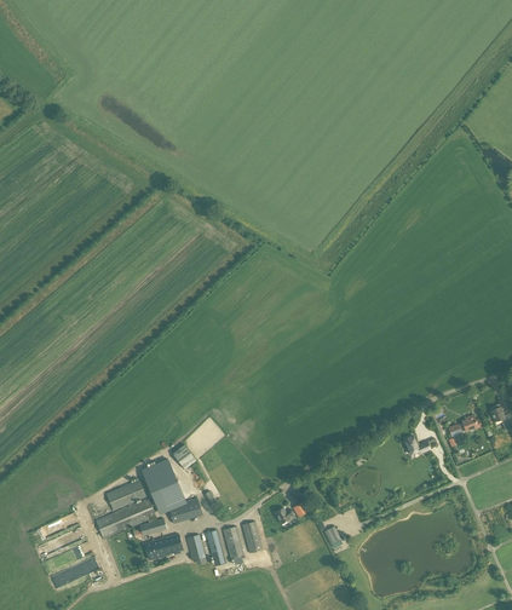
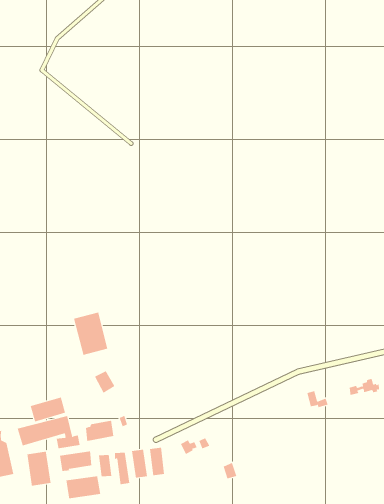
building: [140,459,183,508] -> [73,312,108,355]
building: none -> [27,451,51,487]
building: none -> [66,475,101,499]

